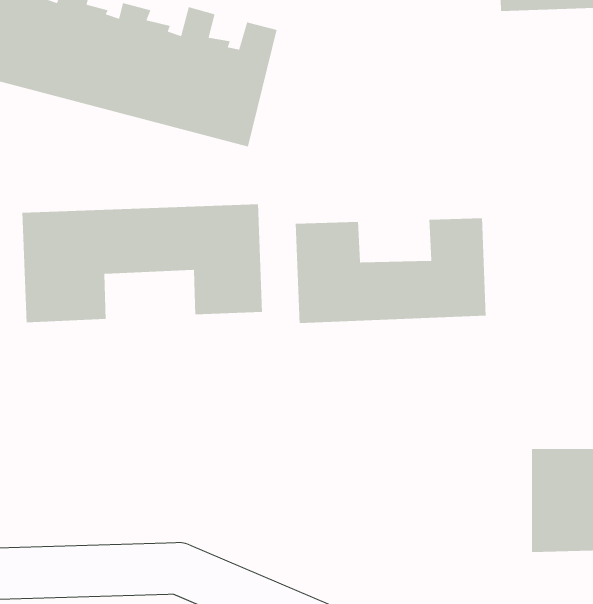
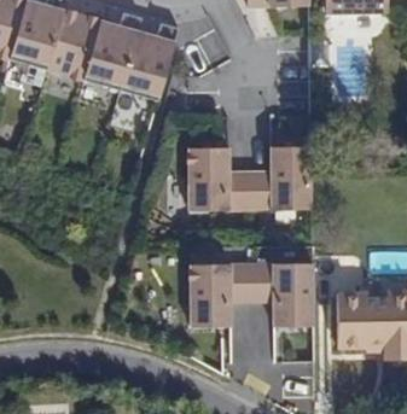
building: [22,204,263,323] -> none
building: none -> [194,260,314,327]

